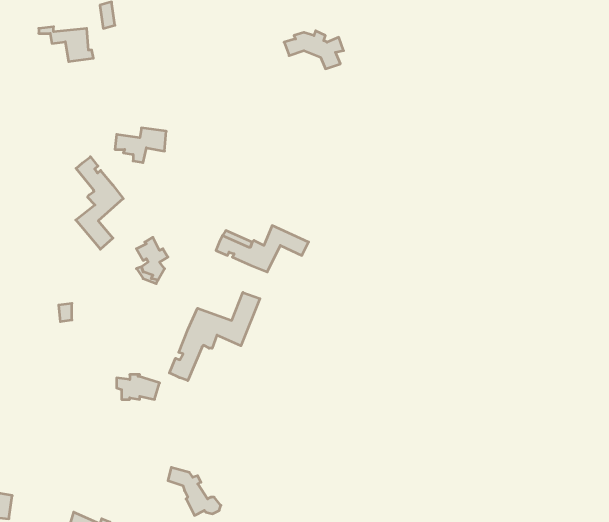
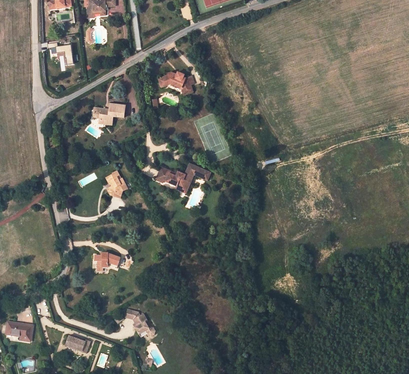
building: [284,31,344,69] -> [158,71,194,94]
building: [76,157,123,249] -> none
building: [169,292,260,381] -> none

